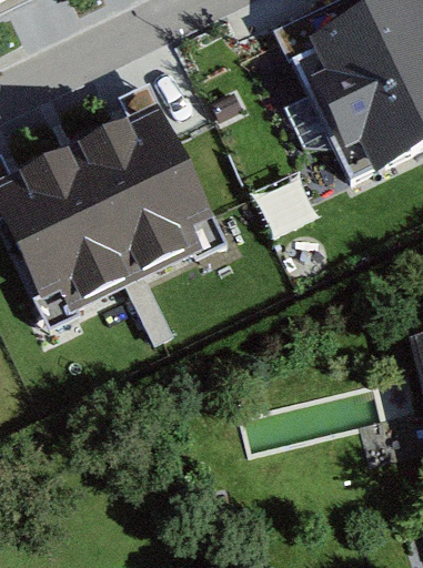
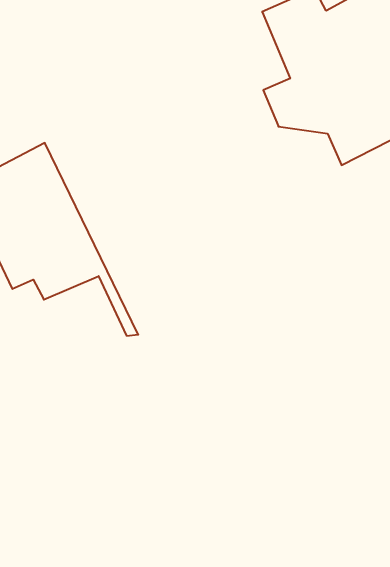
building: [74,123,205,334] -> none

